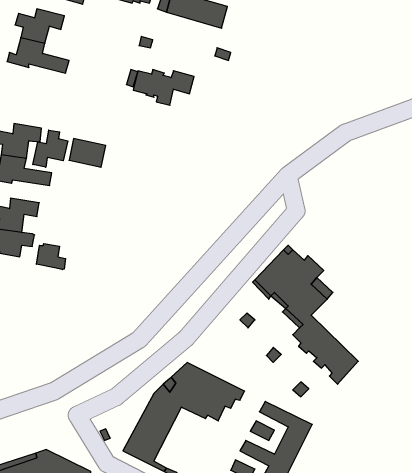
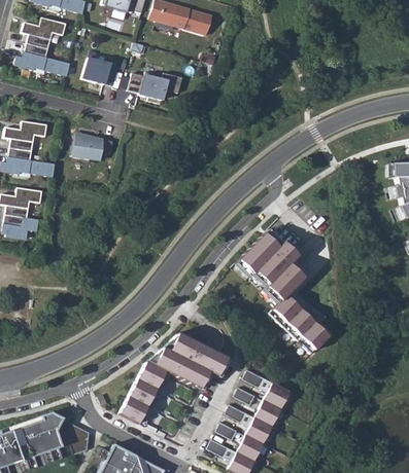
building: none -> [82,58,120,85]
building: [33,130,68,167] -> none
building: [36,244,66,270] -> none

